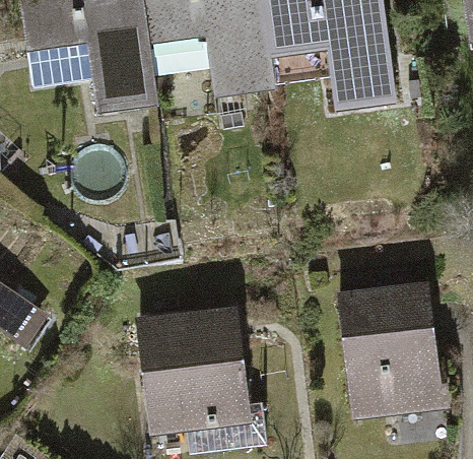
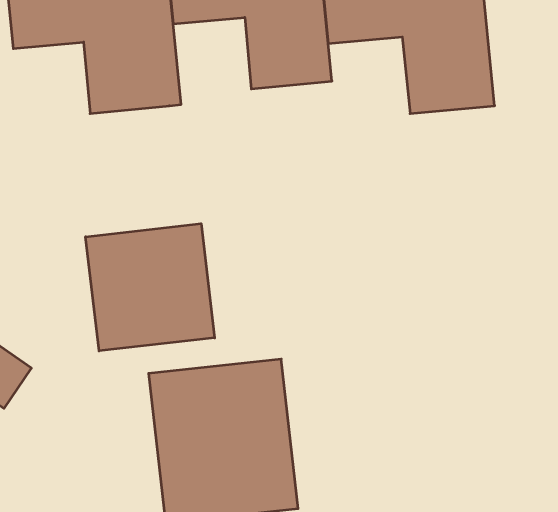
building: none -> [86,224,215,351]
building: [333,285,443,418] -> none

